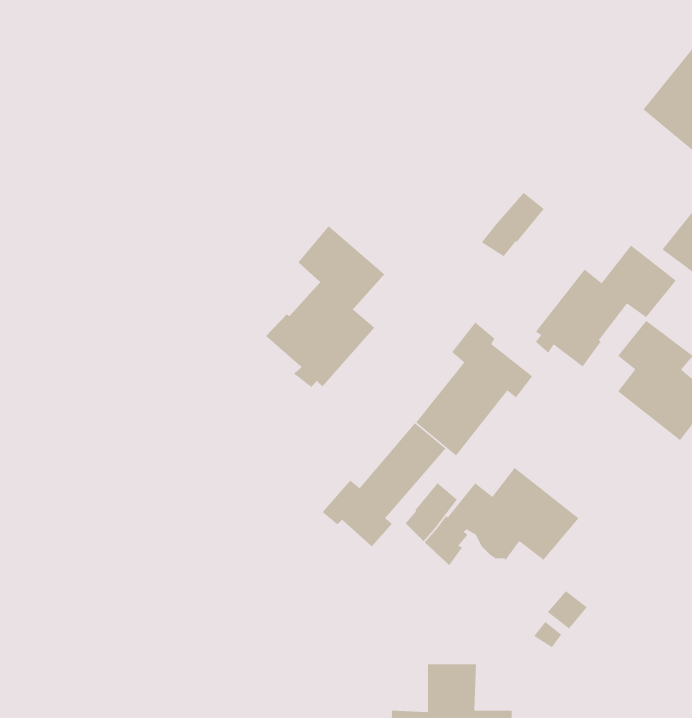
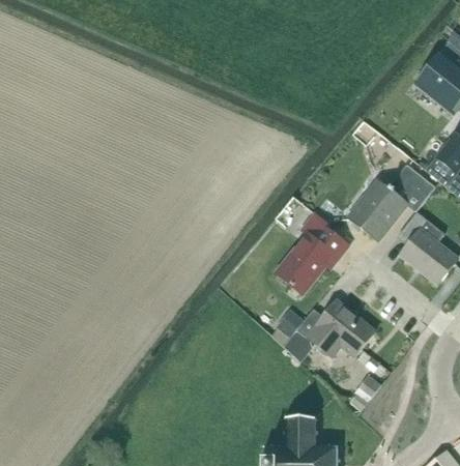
building: [481,192,545,257] -> none
building: [265,225,385,388] -> none
building: [321,422,447,547] -> none

